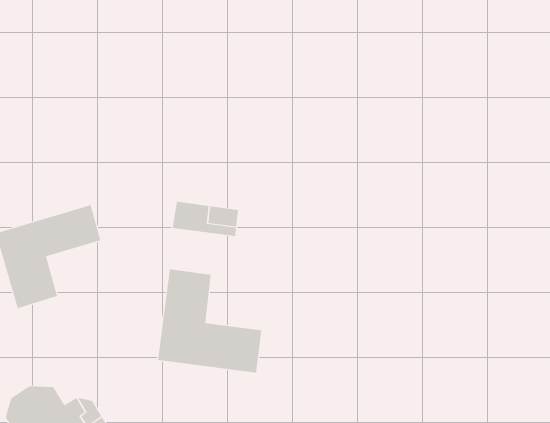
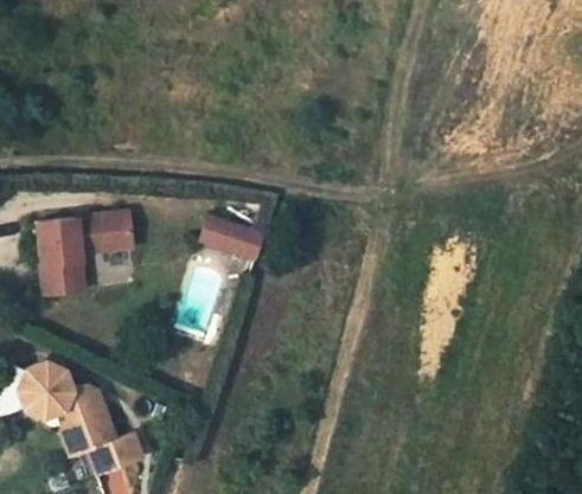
building: [158,268,262,374] -> none

